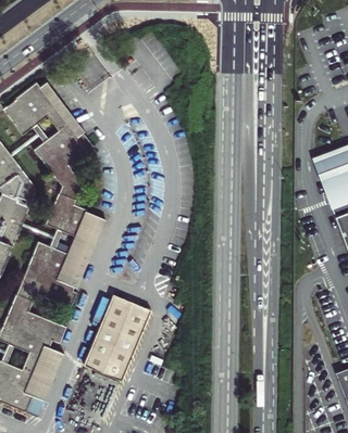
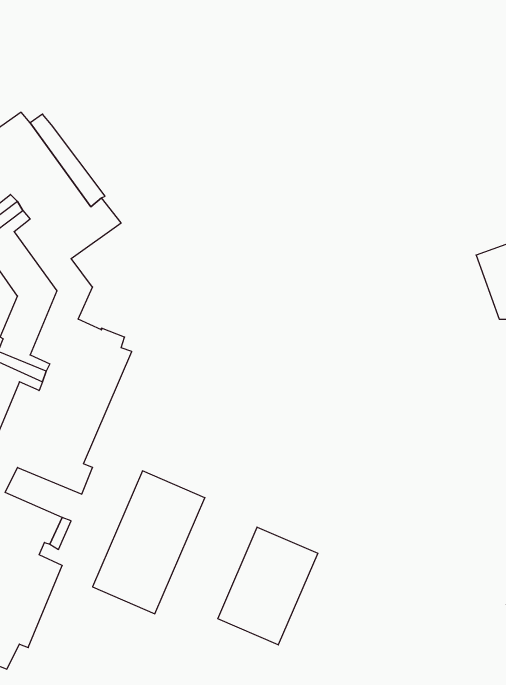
building: none -> [218,527,318,645]

